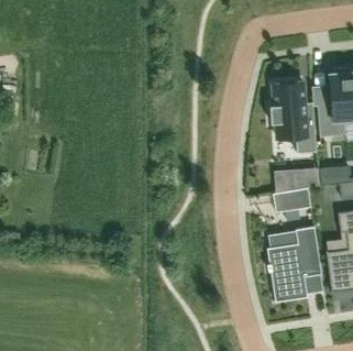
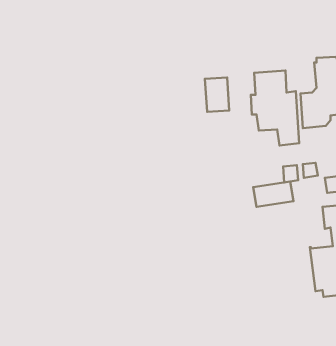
building: none -> [205,78,229,112]
building: [267,224,322,300] -> none

